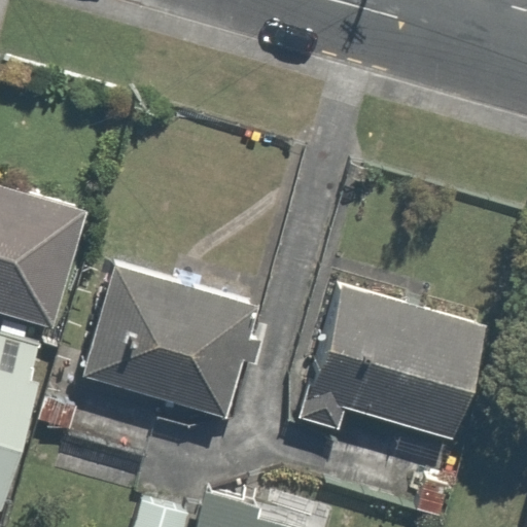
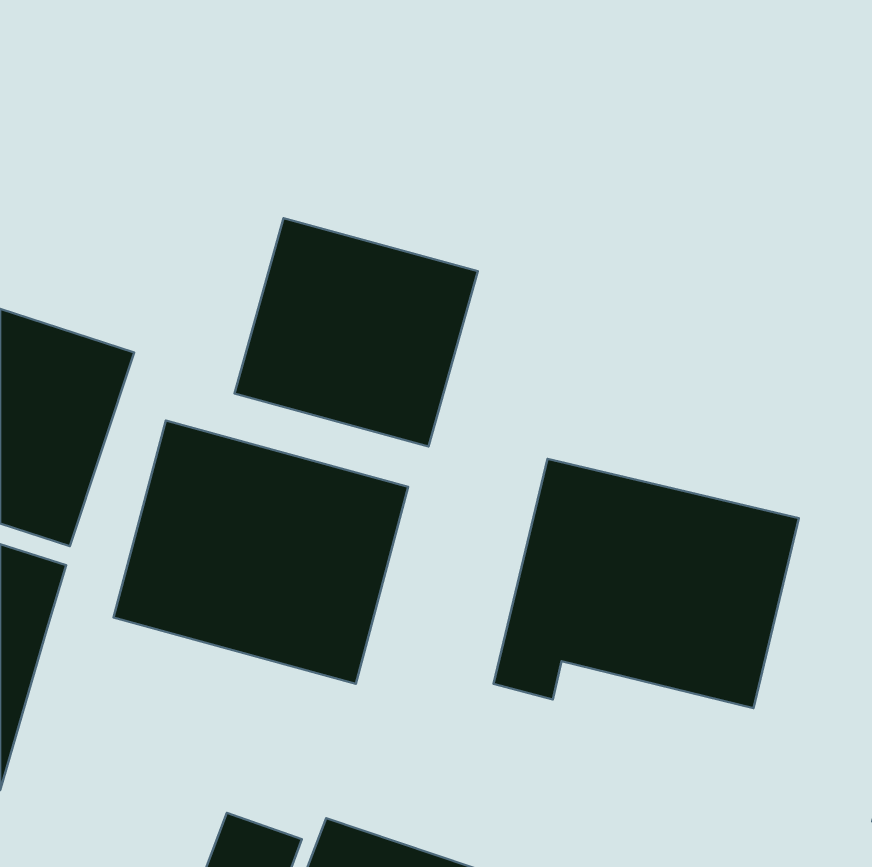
building: none -> [234,218,478,446]

